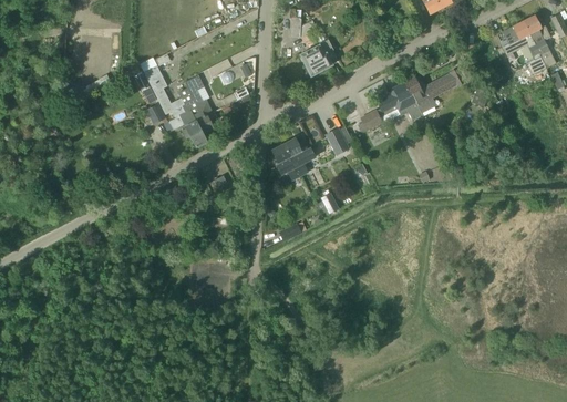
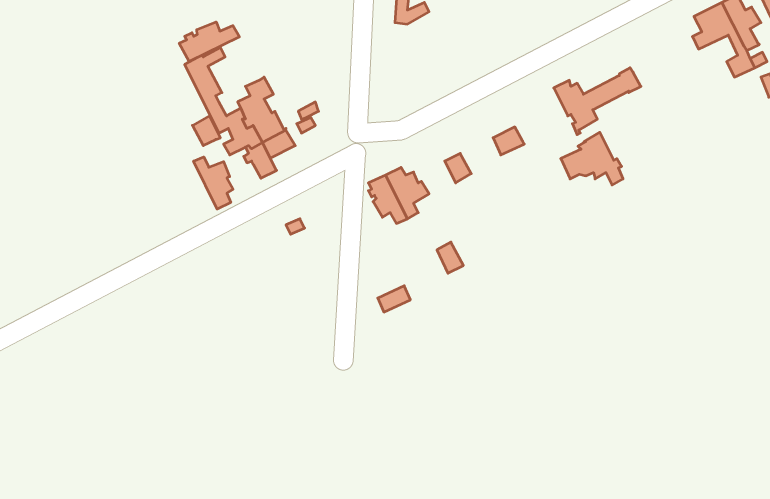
building: none -> [179,22,239,61]
building: [299,40,336,75] -> none
building: [375,82,420,120] -> [561,132,623,185]
building: none -> [194,157,233,209]

